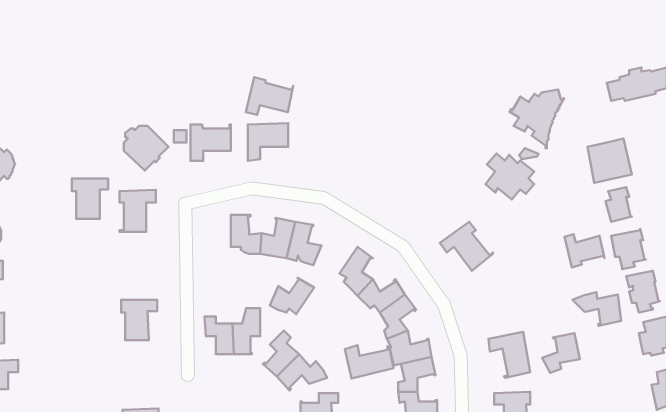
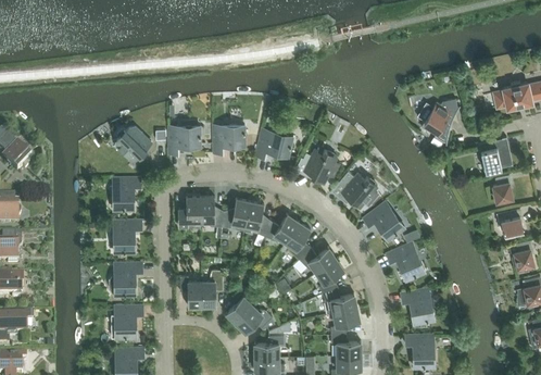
building: [246,77,293,115] -> [255,129,292,159]
building: [485,153,534,199] -> [339,172,377,208]
building: none -> [302,150,337,183]
building: [72,179,108,219] -> [113,221,141,252]
building: none -> [179,197,201,229]
building: [565,234,604,267] -> none
building: none -> [386,242,425,280]
building: [270,278,314,314] -> [264,214,299,242]
building: [573,292,621,326] -> none
building: [542,333,580,373] -> none
building: [345,345,394,379] -> none
building: none -> [114,305,143,338]

